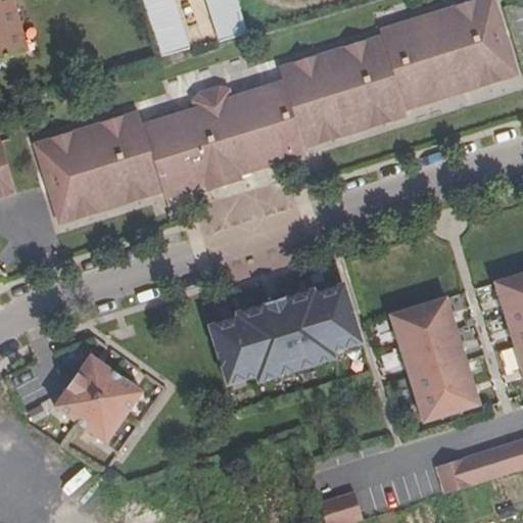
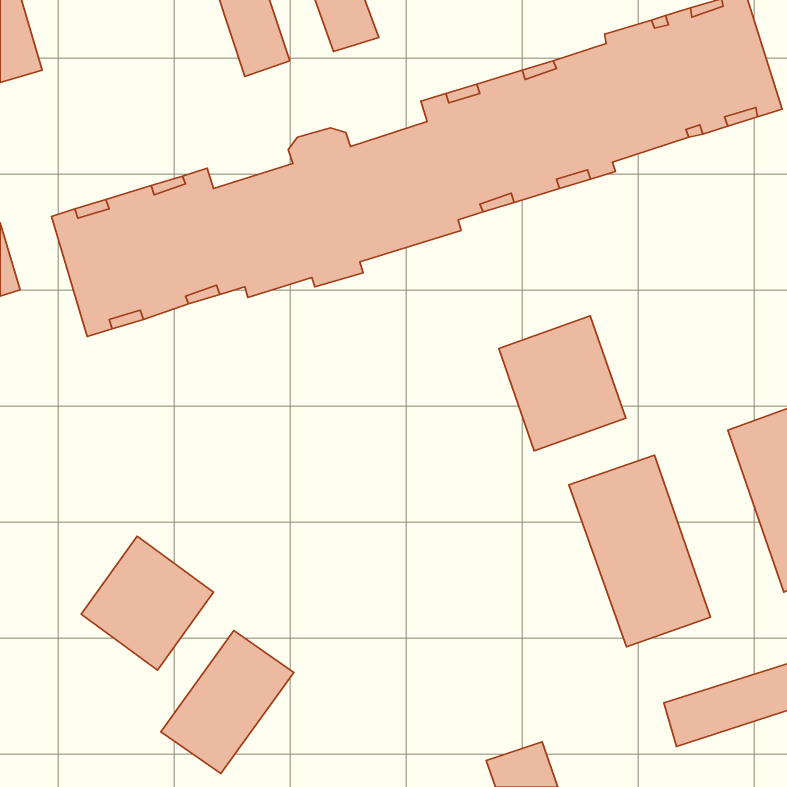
building: none -> [499,316,626,451]
building: [199,289,351,393] -> none
building: none -> [161,631,294,774]

